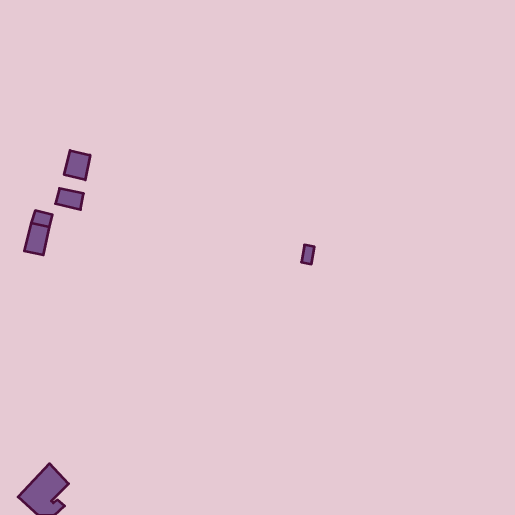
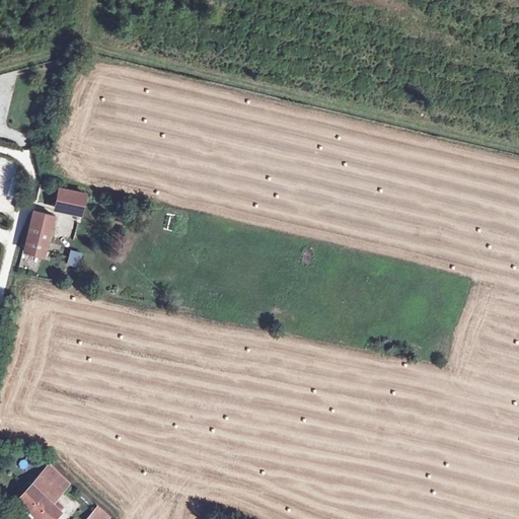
building: [64,150,90,180] -> none

